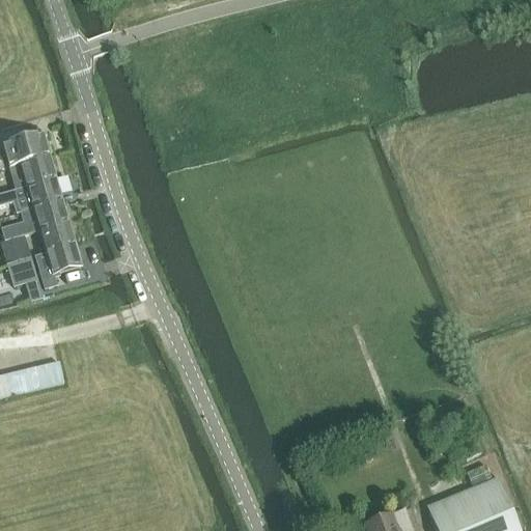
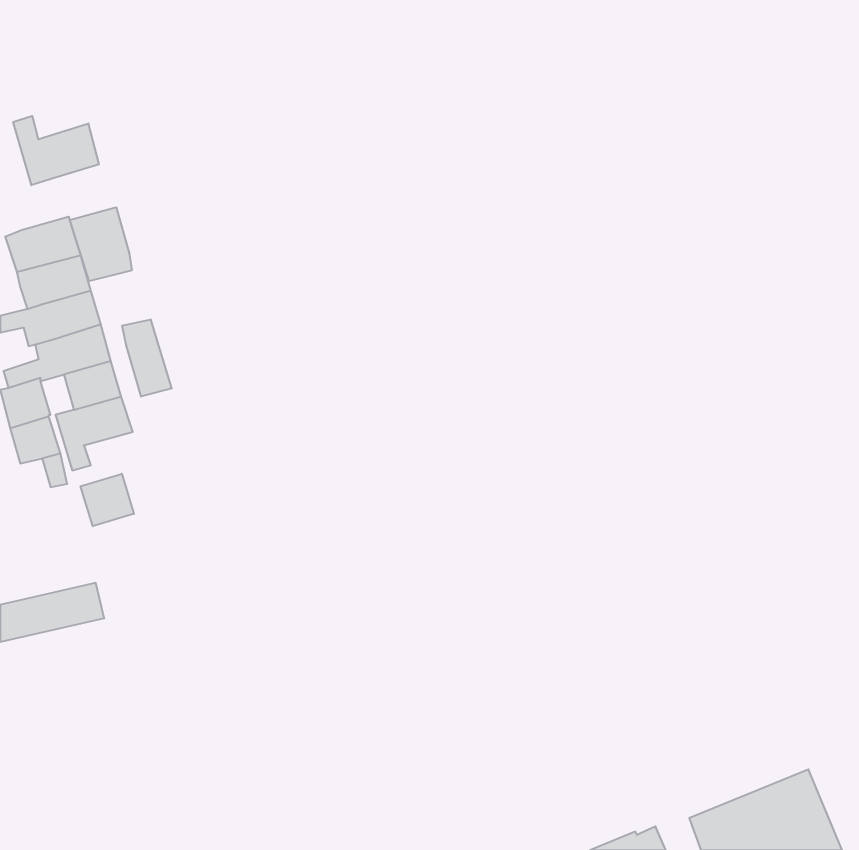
building: none -> [13,116,99,185]
building: none -> [70,207,132,281]
building: none -> [122,319,172,397]
building: none -> [81,474,134,526]

